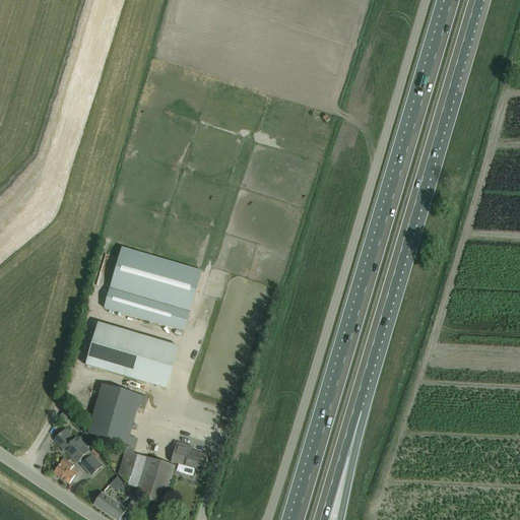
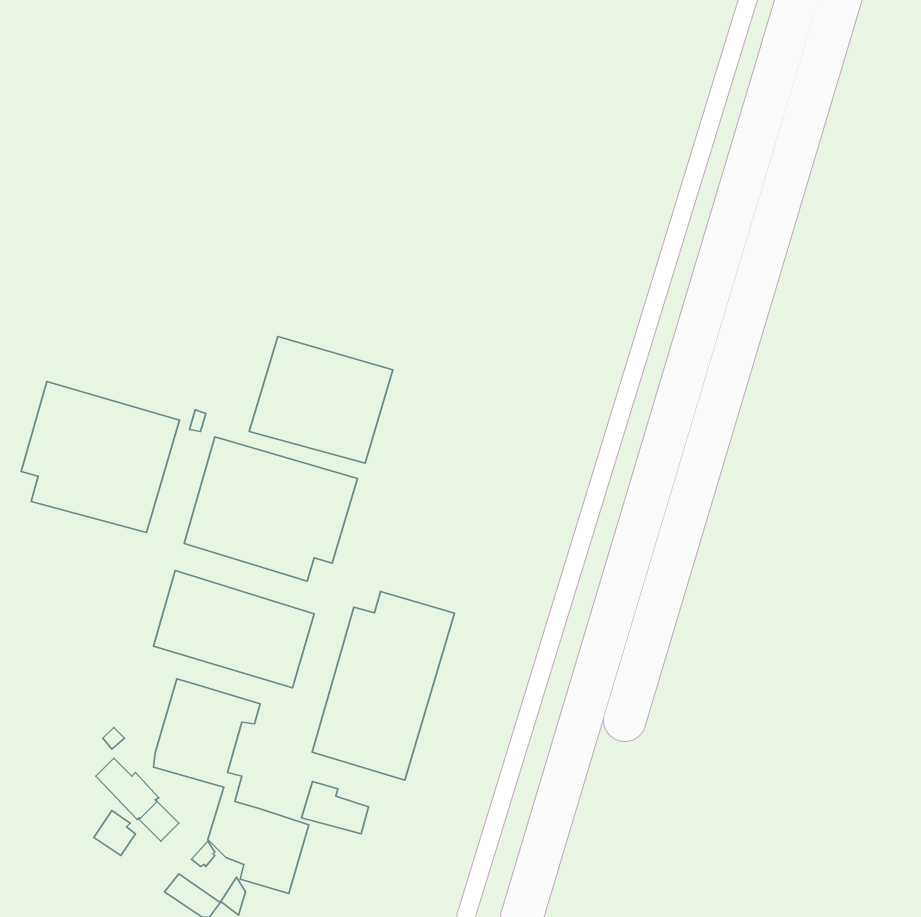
building: none -> [249,336,393,463]
building: none -> [21,382,180,533]
building: none -> [312,592,455,780]

